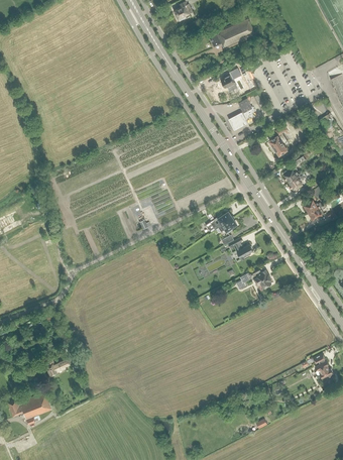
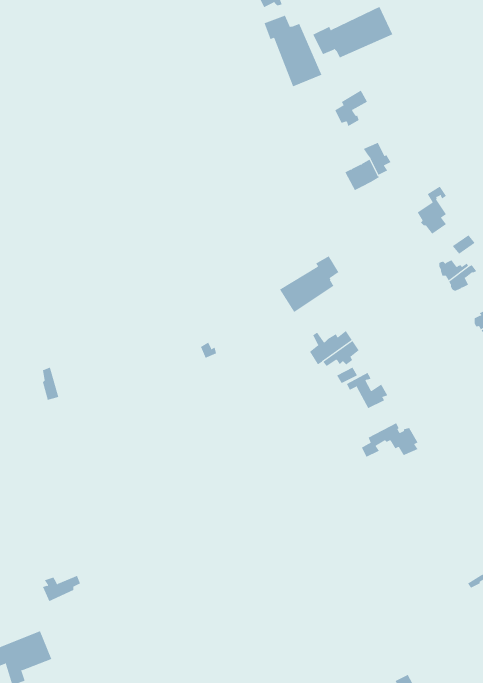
building: none -> [264,15,322,87]
building: none -> [279,255,339,313]

